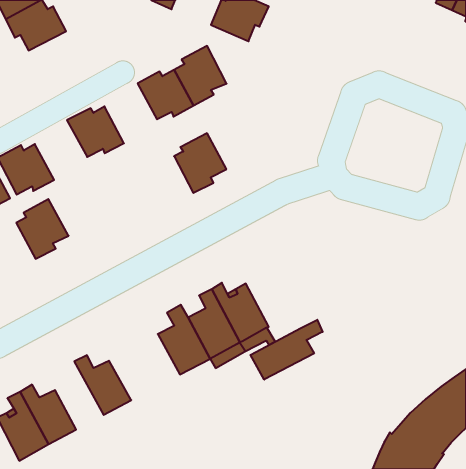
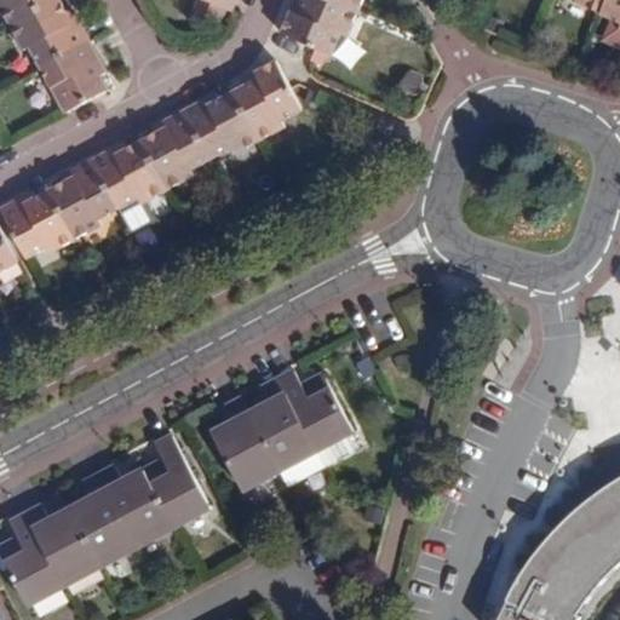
building: none -> [38,41,103,111]
building: [174,133,226,193] -> [138,110,207,189]
building: [16,199,69,259] -> [46,159,115,237]
building: [250,320,323,380] -> none
building: none -> [144,437,212,528]
building: none -> [73,477,137,567]

